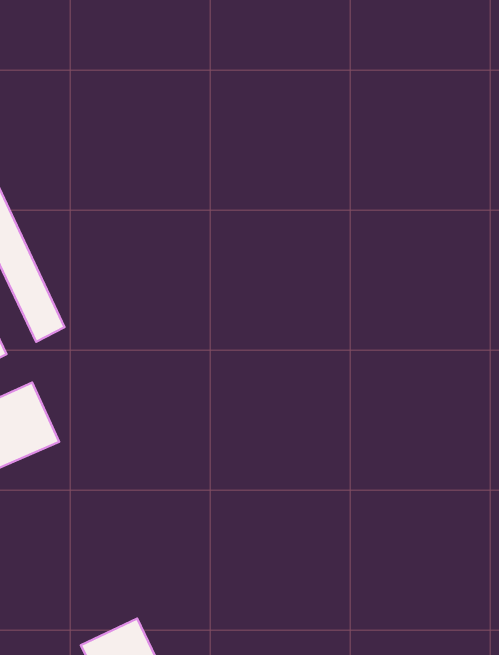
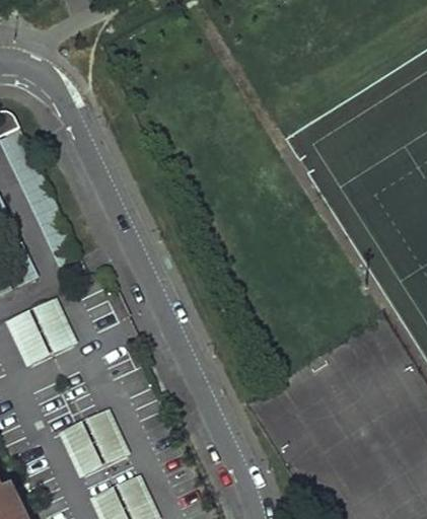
building: none -> [61,412,125,476]

